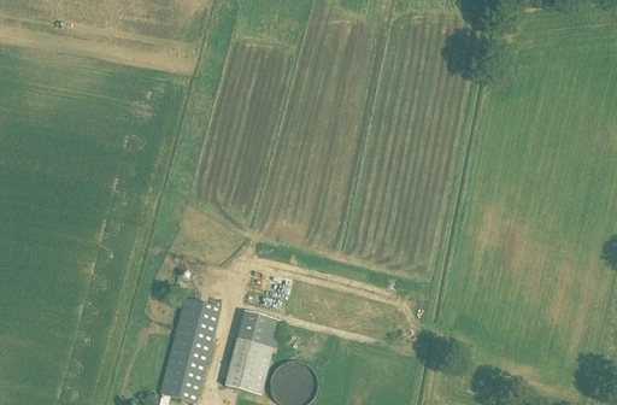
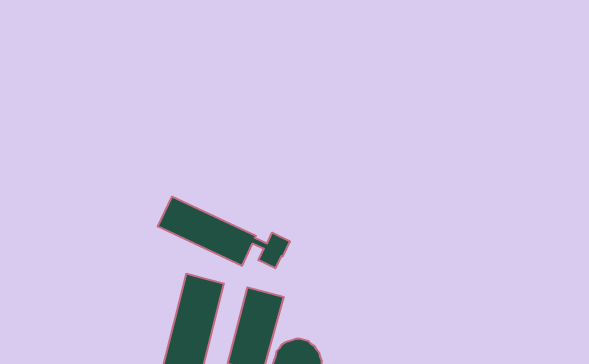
building: none -> [158,197,290,268]

